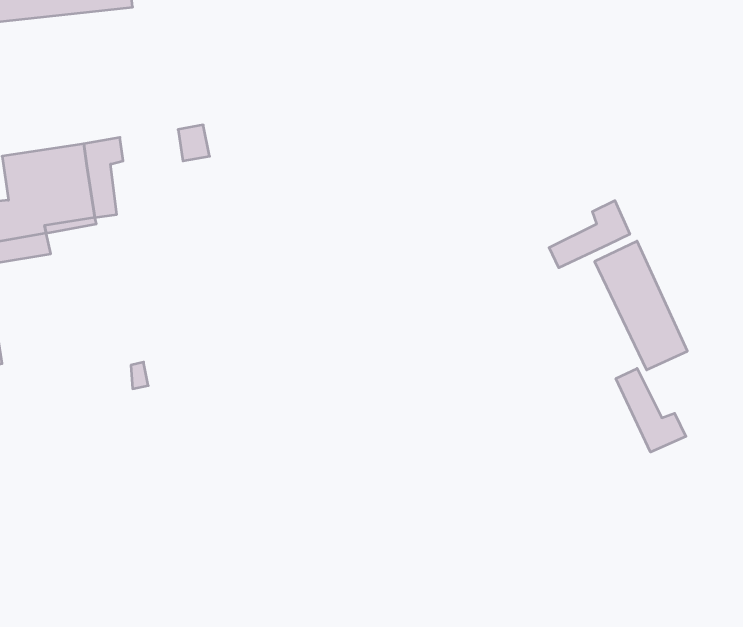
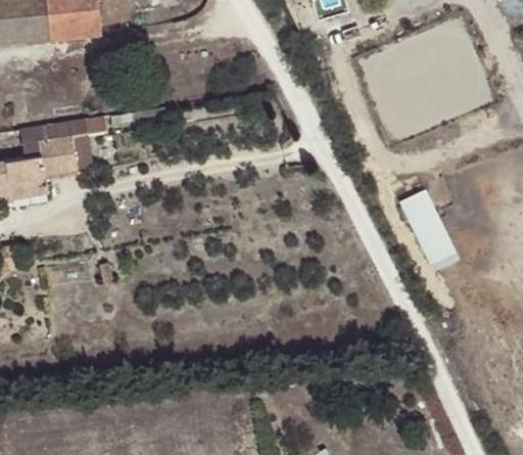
building: [549,201,630,268] -> none
building: [616,368,686,452] -> none

